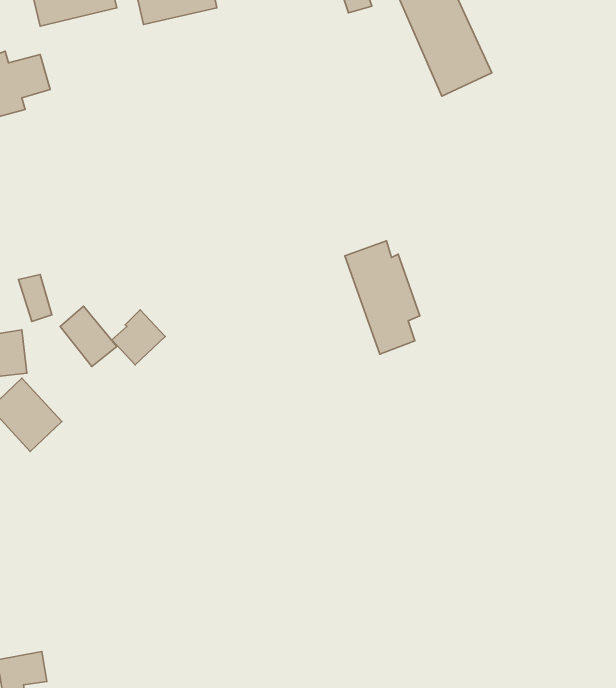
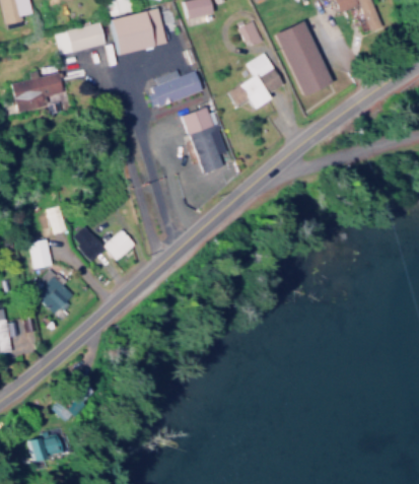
building: none -> [229,53,273,109]
building: none -> [149,69,204,107]
building: [345,241,420,354] -> [182,106,227,175]

